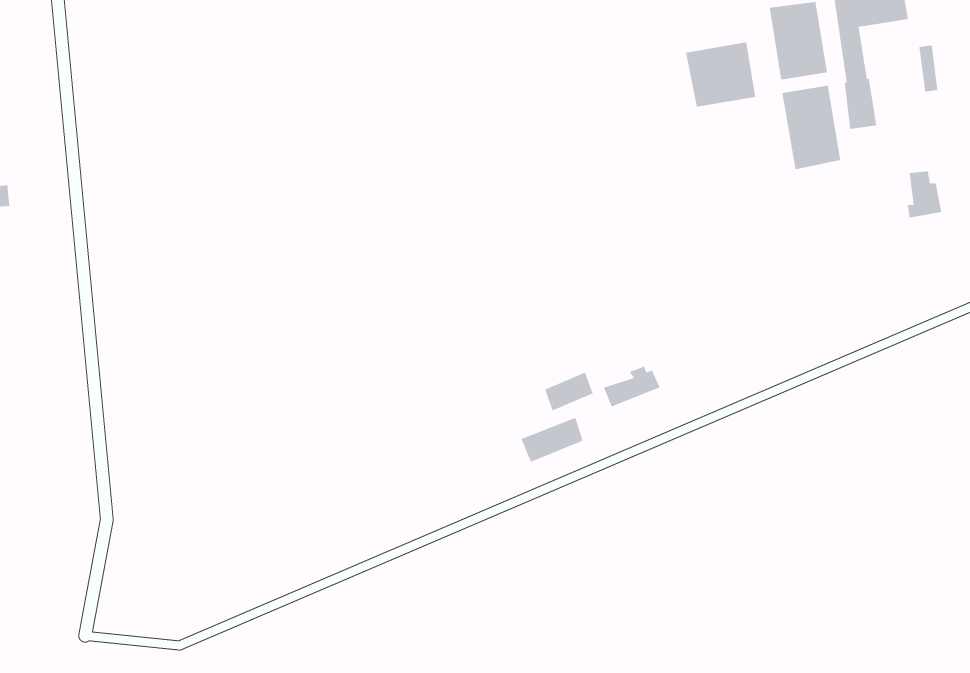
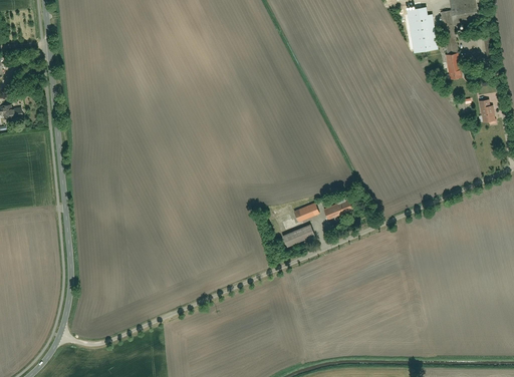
building: [686,42,756,107] -> none
building: [782,85,841,170] -> none

